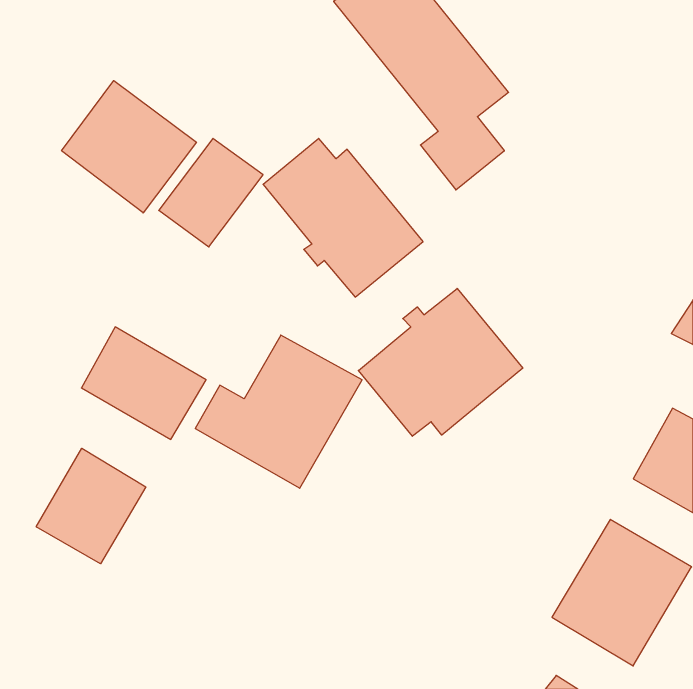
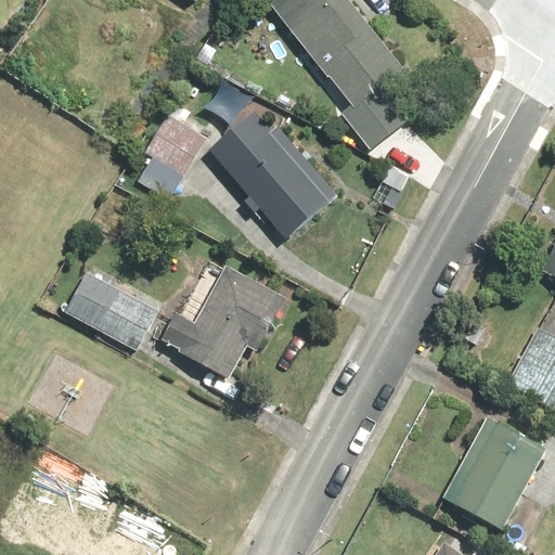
building: [62,81,196,213] -> none
building: [358,288,523,436] -> none
building: [36,448,146,564] -> none

